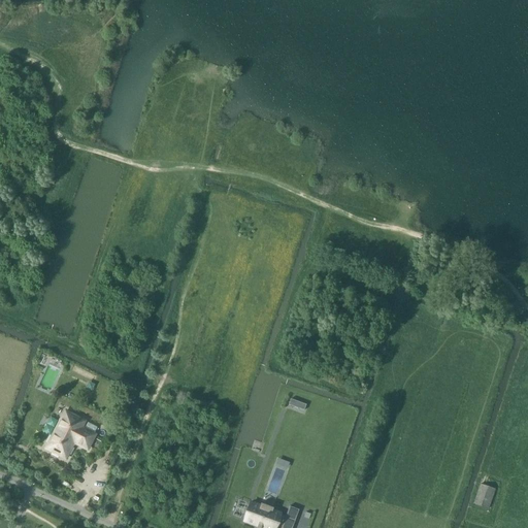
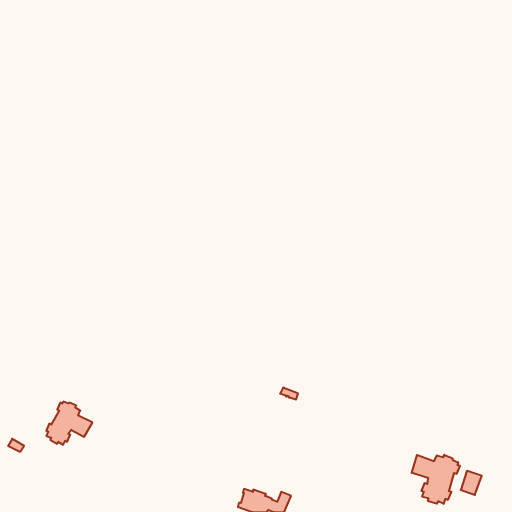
building: none -> [412,455,460,504]

